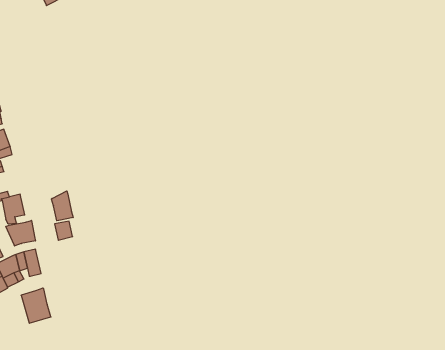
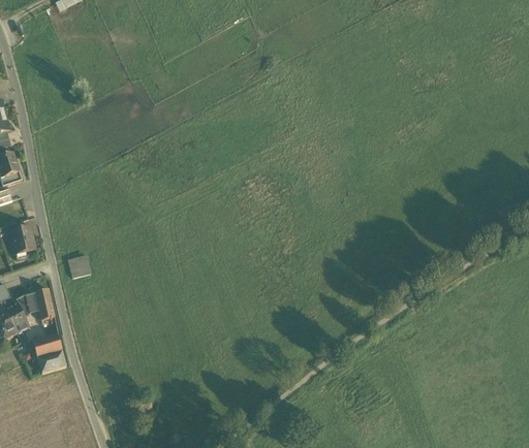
building: [51,191,73,221] -> none
building: [6,220,35,246] -> none

